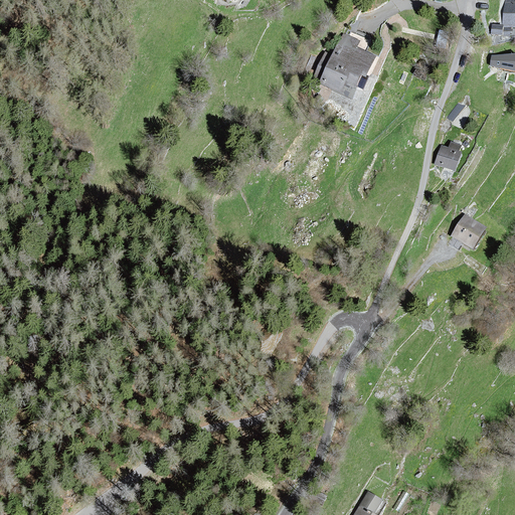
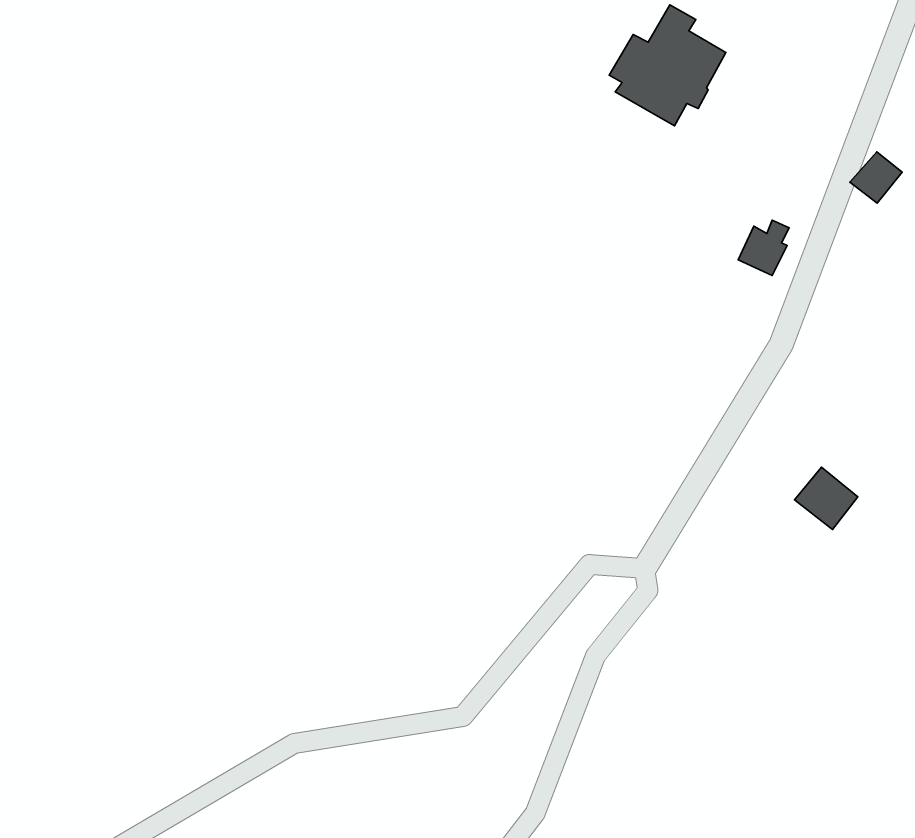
building: [436,142,460,170] -> [738,220,789,275]
building: [453,216,485,247] -> [794,467,858,530]

